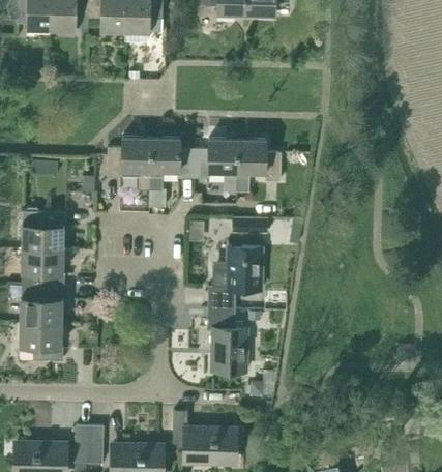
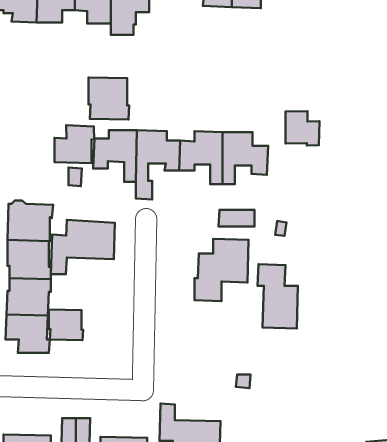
building: none -> [88,77,129,120]
building: none -> [285,111,319,146]
building: none -> [54,125,94,163]
building: none -> [51,220,115,274]
building: [207,306,247,371] -> [257,264,298,328]
building: none -> [49,309,83,340]

